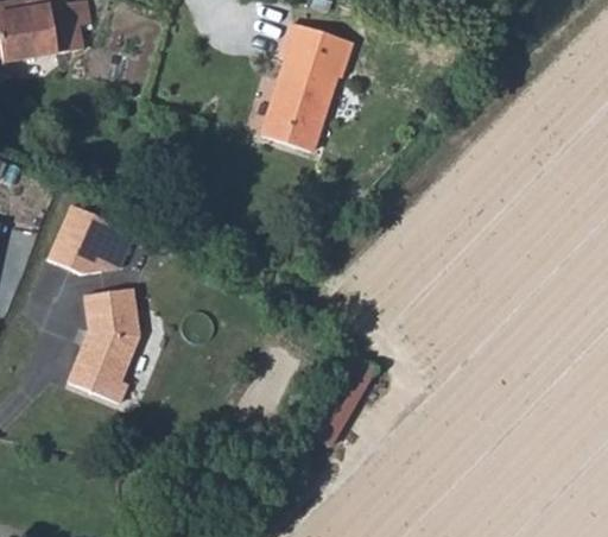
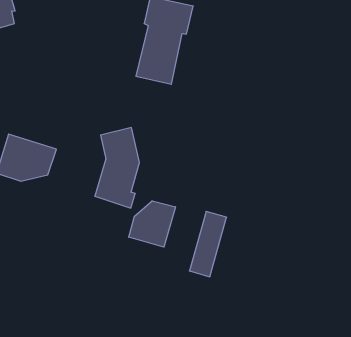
building: [70,286,138,402] -> [95,128,139,208]
building: none -> [129,201,175,247]

